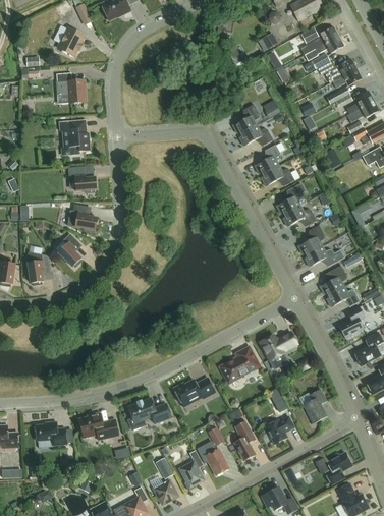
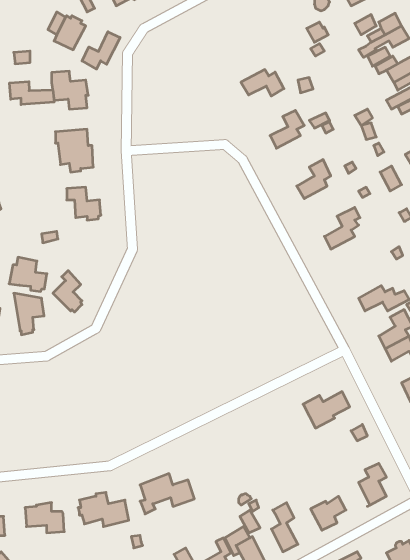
building: none -> [82,32,120,69]
building: none -> [10,82,54,105]
building: [237,124,272,146] -> [241,70,284,96]
building: [260,165,294,185] -> none
building: [66,204,97,231] -> [9,257,47,291]
building: [281,206,316,226] -> none
building: [297,224,325,255] -> none
building: [220,347,258,381] -> none
building: [173,377,215,402] -> none

